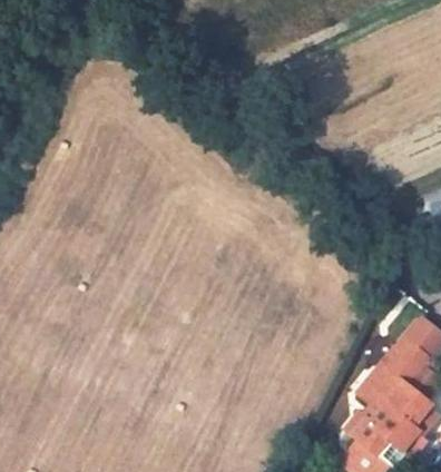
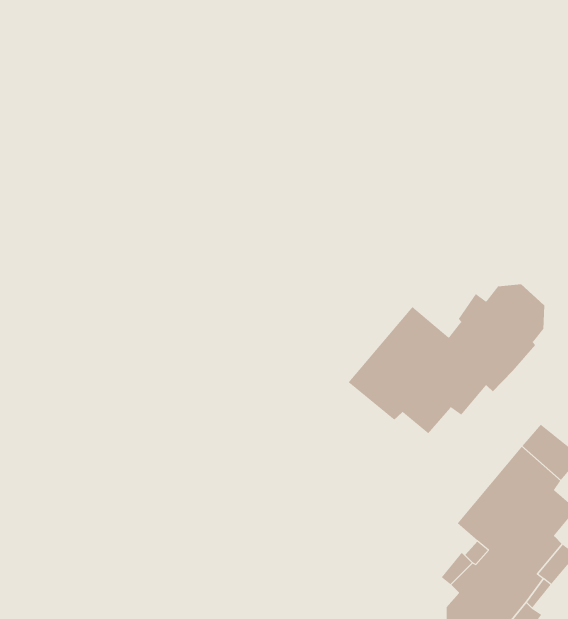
building: none -> [348,284,545,434]

